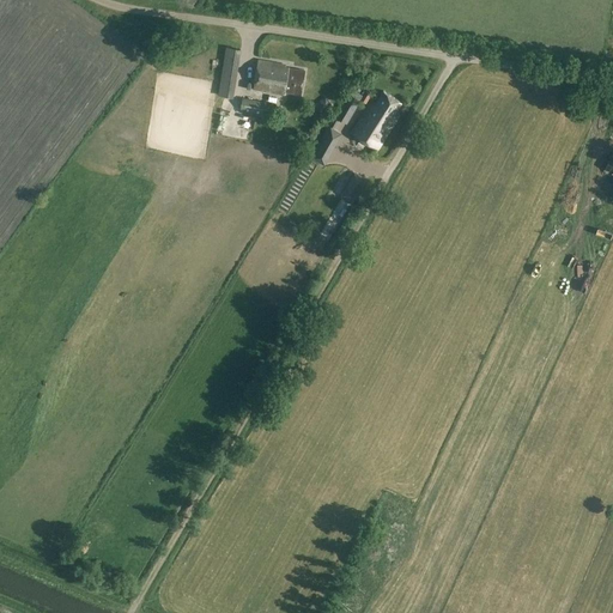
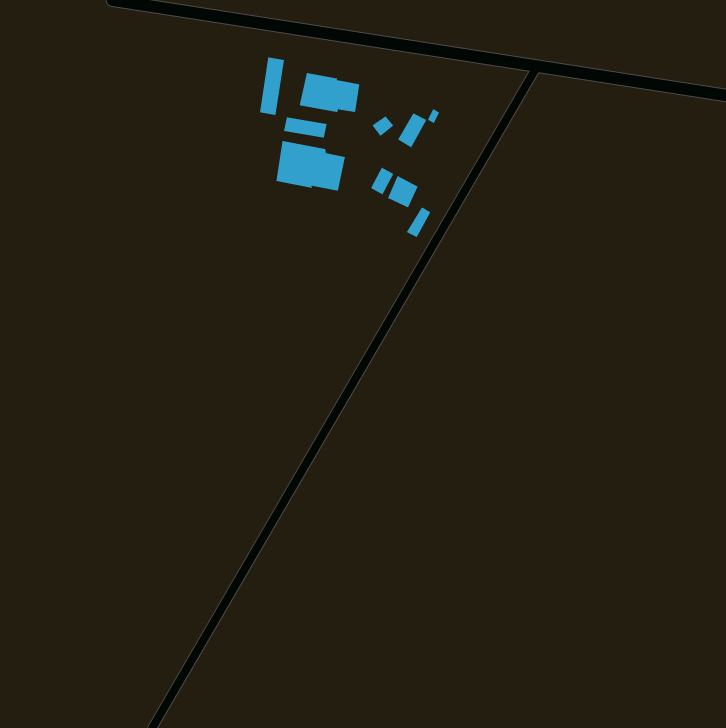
building: [351,91,400,148] -> none
building: none -> [276,140,346,191]

